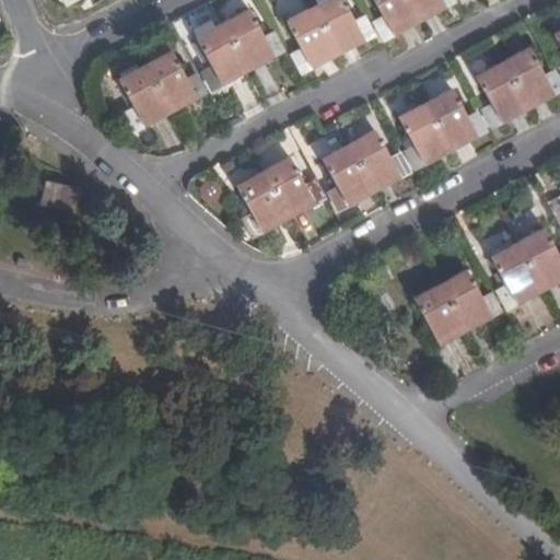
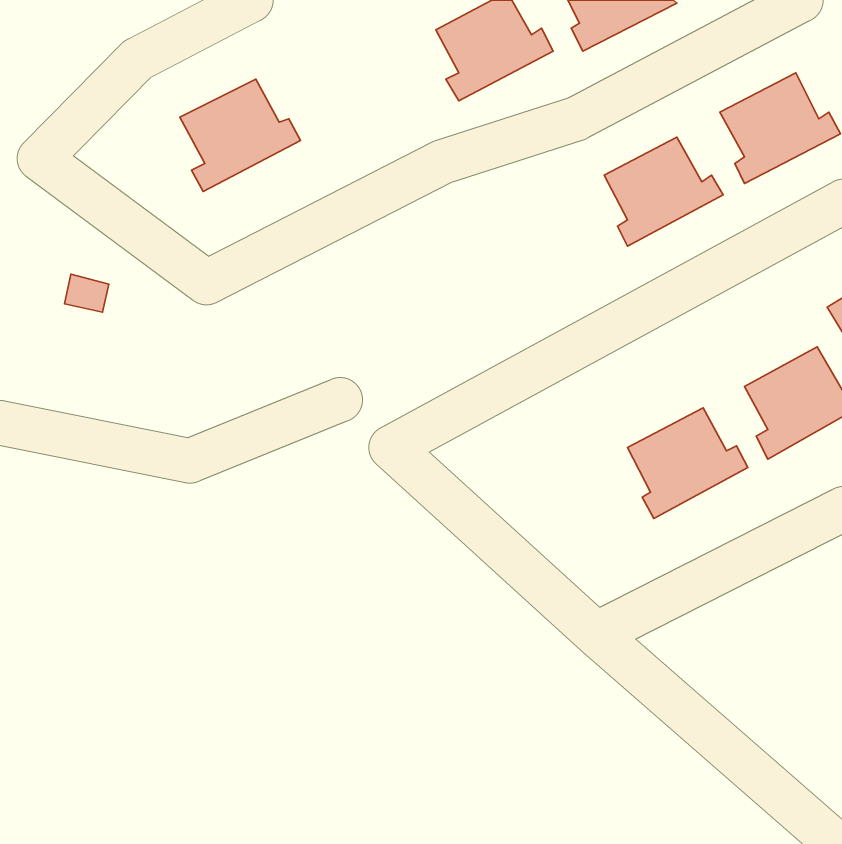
building: [199,11,278,84] -> none
building: [325,131,402,205] -> none
building: [240,159,318,232] -> none

